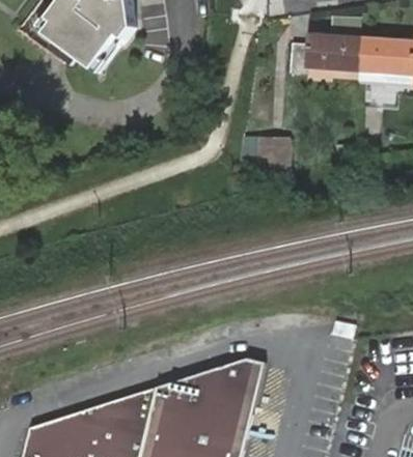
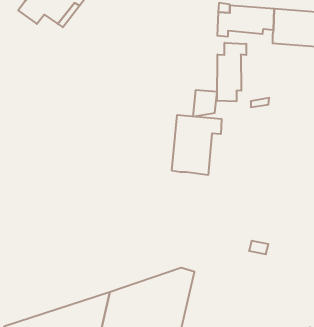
building: none -> [217,43,246,101]
building: none -> [172,115,222,175]

